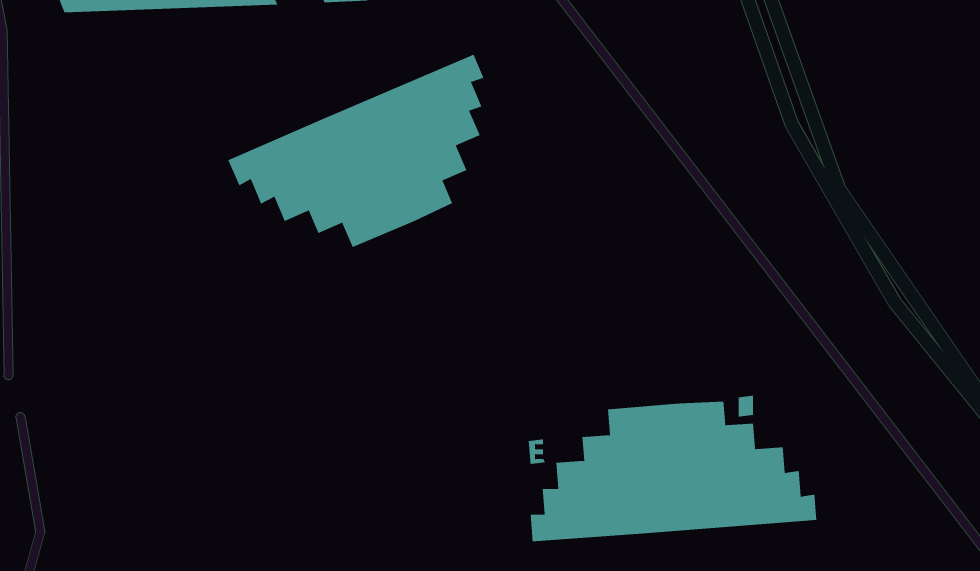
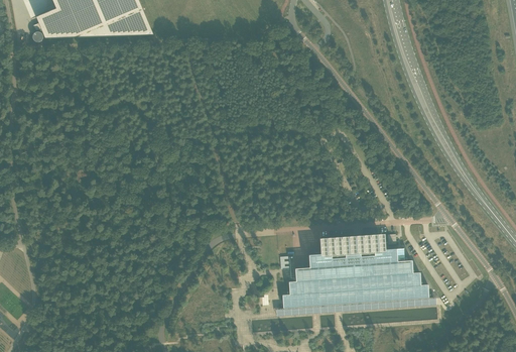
building: [228,54,484,248] -> none

